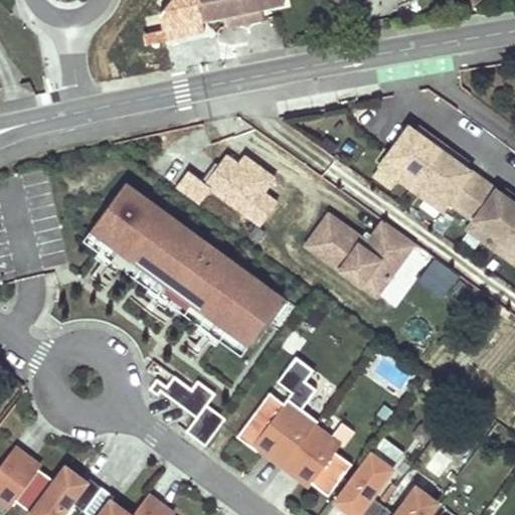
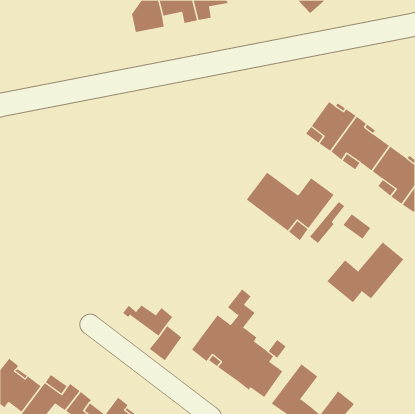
building: [174,155,278,227] -> none
building: [89,178,286,345] -> none
building: none -> [326,242,404,303]

